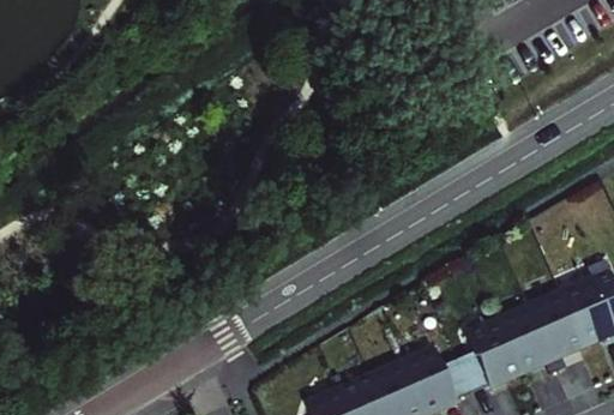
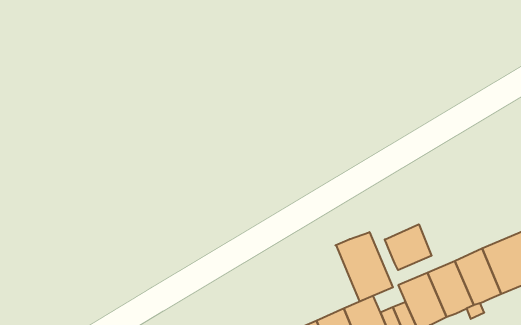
building: none -> [385,224,432,270]
building: none -> [335,232,393,301]

